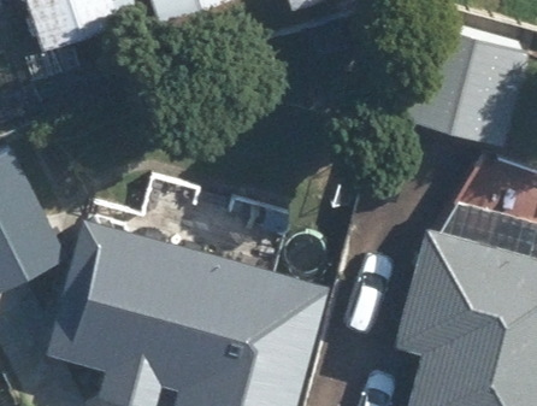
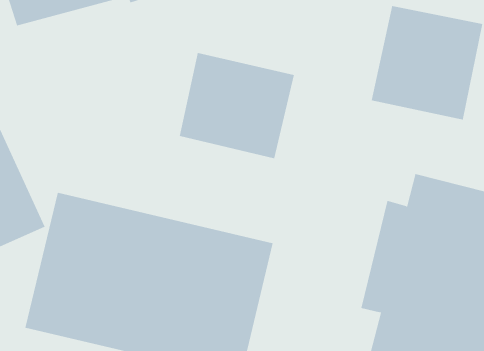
building: none -> [179,52,294,159]

